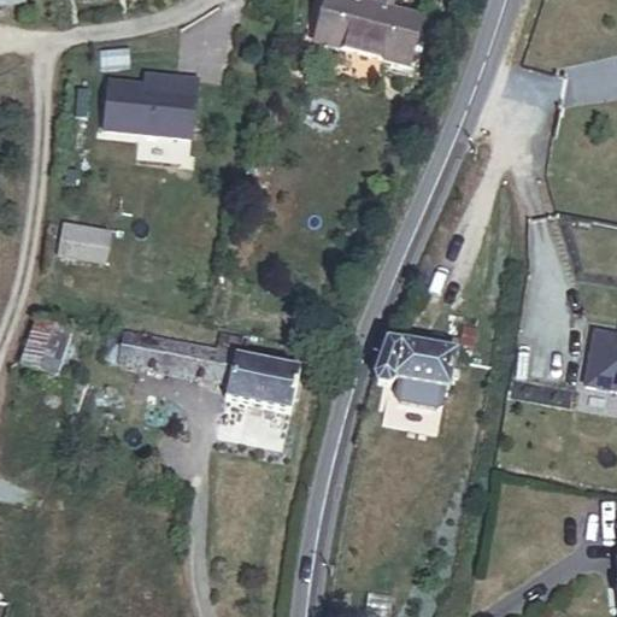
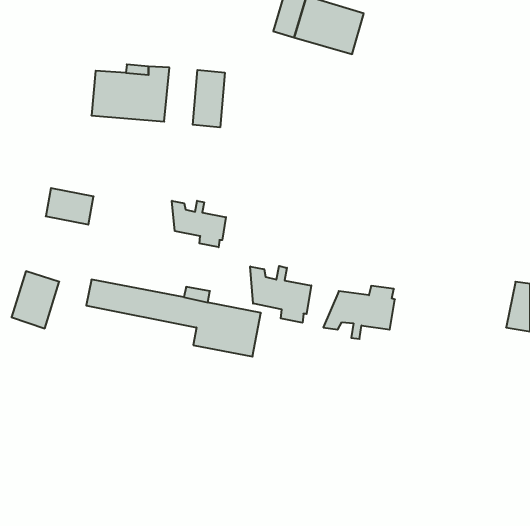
building: none -> [193,70,225,127]
building: none -> [172,201,226,247]
building: none -> [250,266,311,323]

